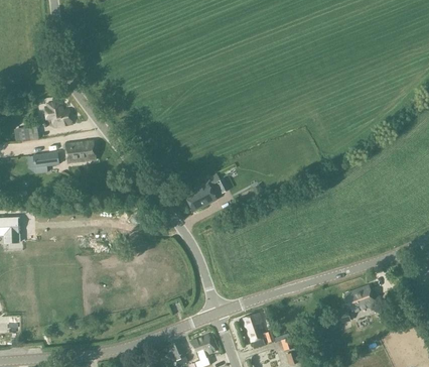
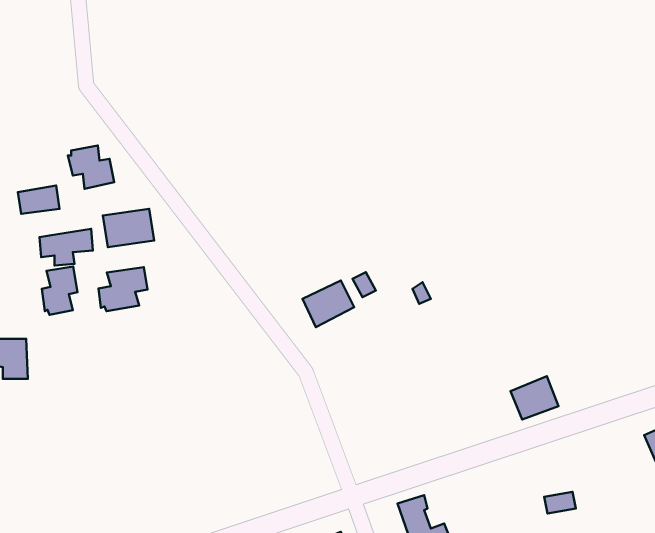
building: none -> [42,266,78,315]
building: none -> [99,267,147,311]
building: [347,285,377,312] -> [510,376,559,420]

